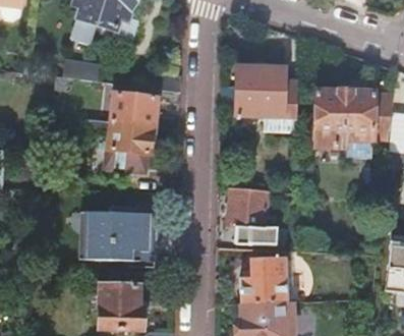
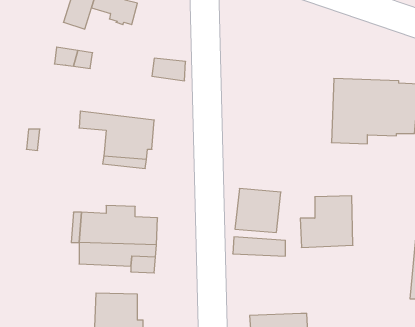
building: [235,66,298,129] -> none
building: [111,92,157,126] -> none
building: [239,257,287,303] -> [300,196,353,247]

